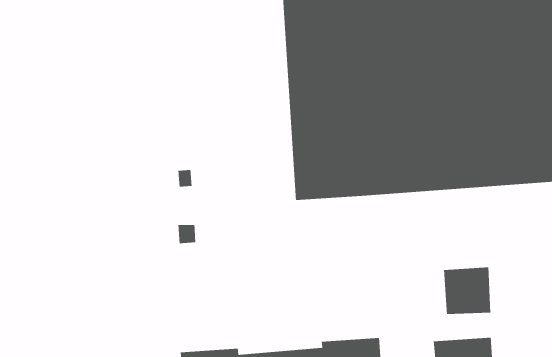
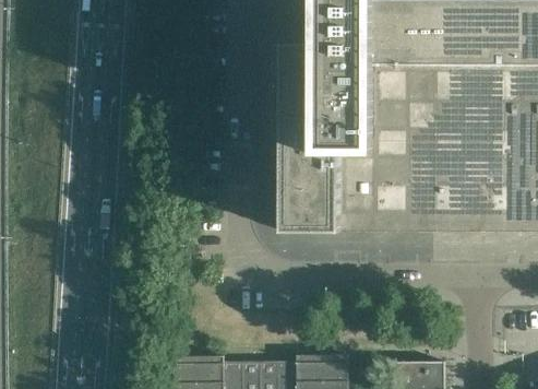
building: [443,266,491,315] -> none

